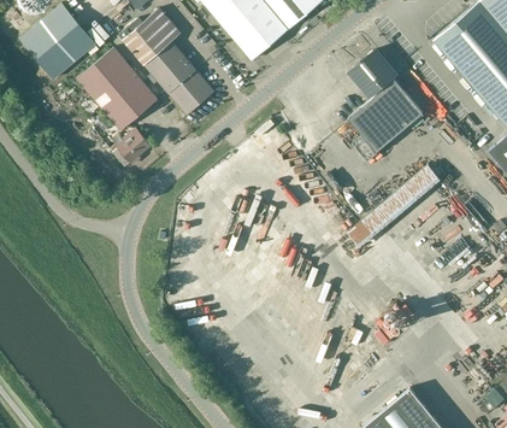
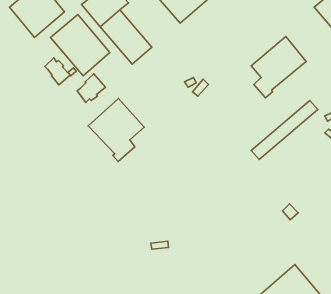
building: [346,47,399,99] -> none
building: none -> [45,58,70,85]
building: none -> [88,99,144,162]

